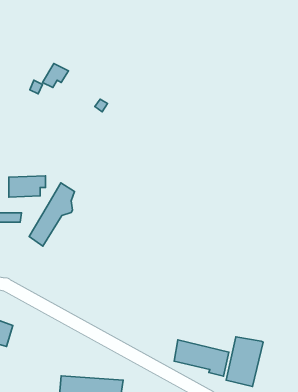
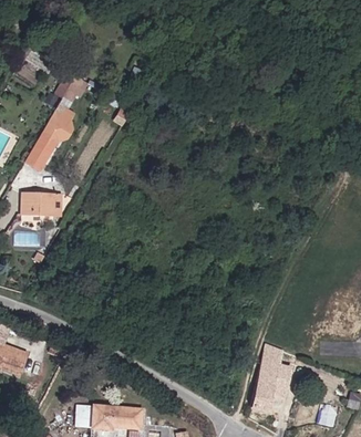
building: [29,183,74,246] -> [30,105,78,171]
building: [174,340,229,376] -> none

